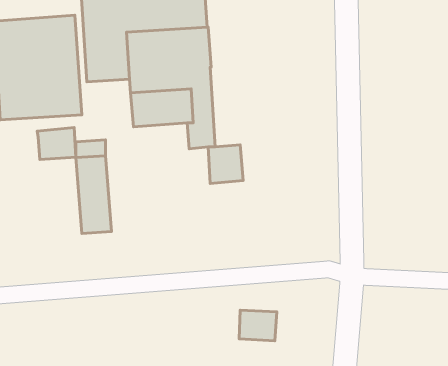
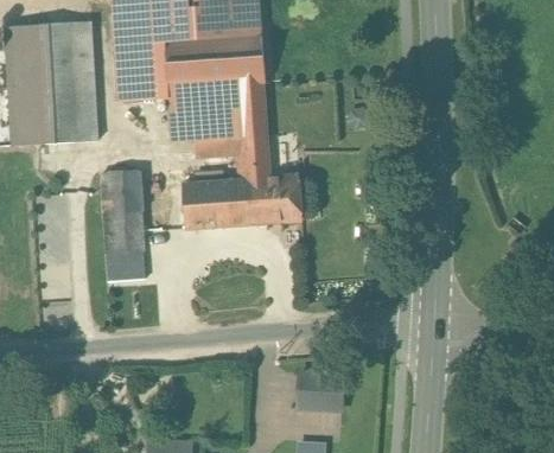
building: [37,128,76,160] -> none
building: none -> [183,178,263,226]

